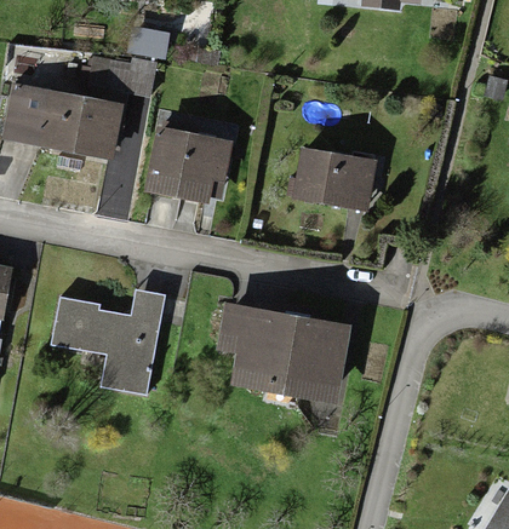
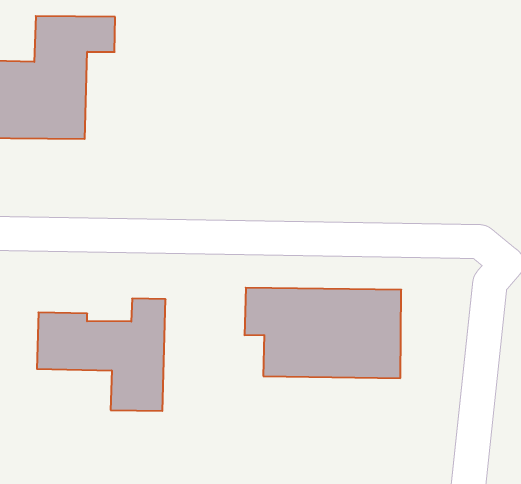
building: [144,125,238,205] -> none
building: [294,146,377,211] -> none

